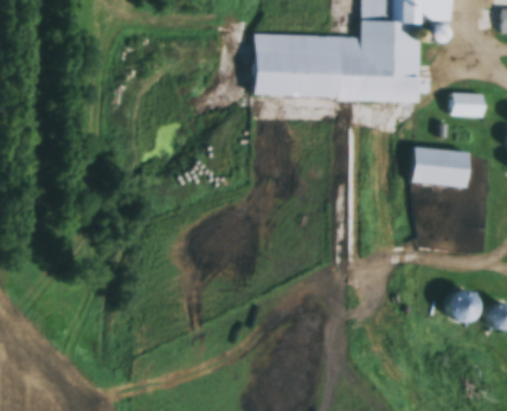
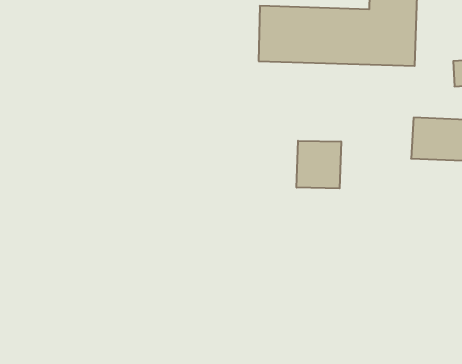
building: none -> [297,141,341,188]

